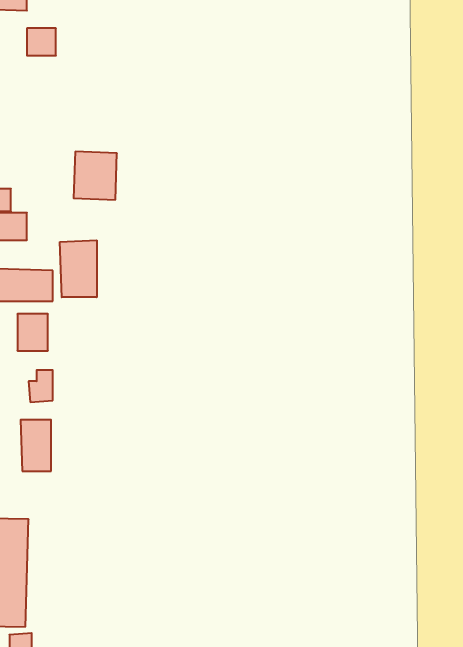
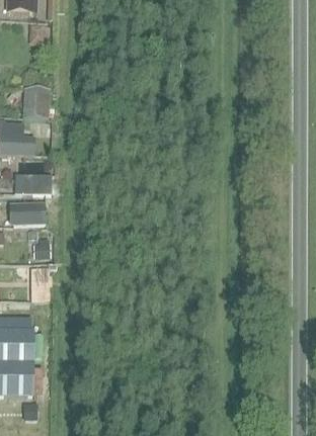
building: [74,152,117,200] -> [23,86,51,116]
building: [60,240,97,297] -> none

